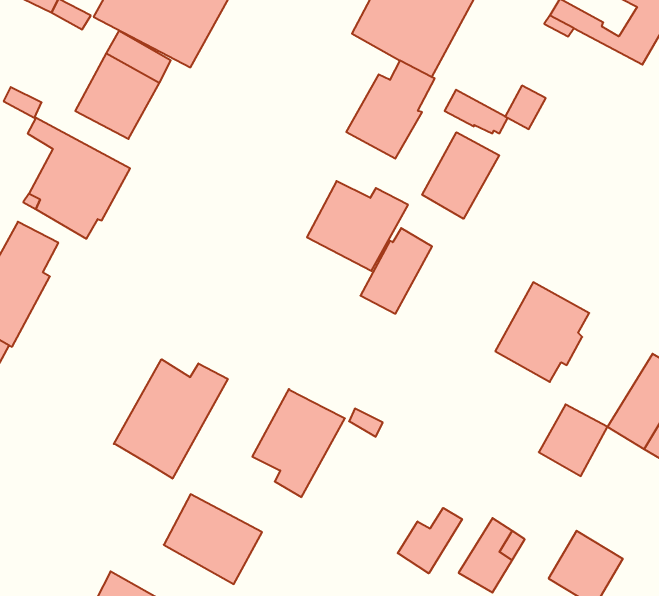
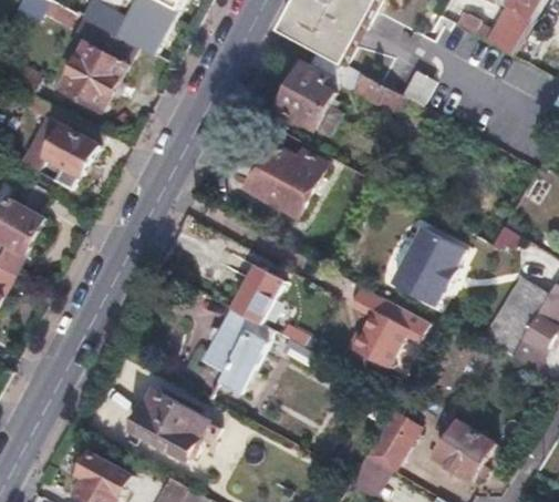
building: [422,132,499,219] -> none
building: [360,228,432,314] -> [231,256,288,324]
building: [114,359,228,479] -> none
building: [539,404,608,476] -> [352,310,406,367]
building: [398,508,462,573] -> none

